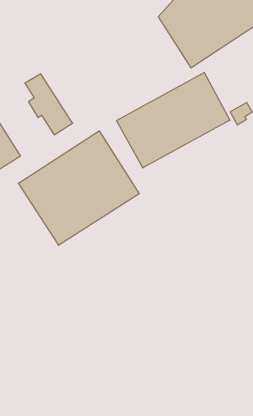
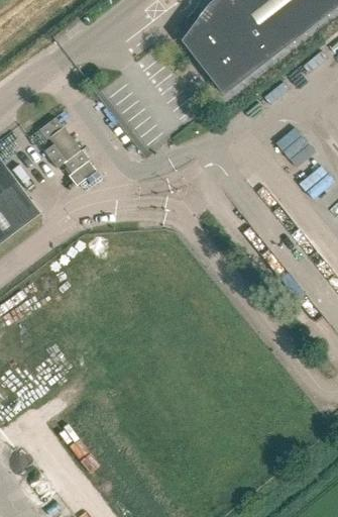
building: [117,72,230,168] -> none
building: [18,131,139,245] -> none

